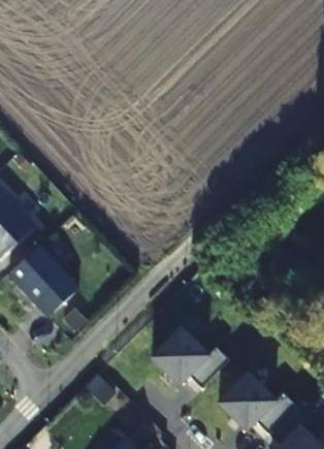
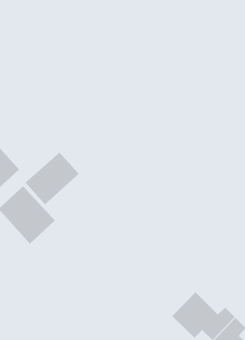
building: none -> [25,152,79,205]
building: [151,328,229,388] -> none

